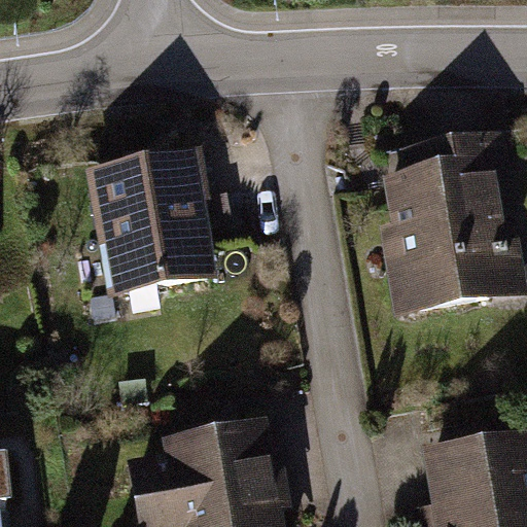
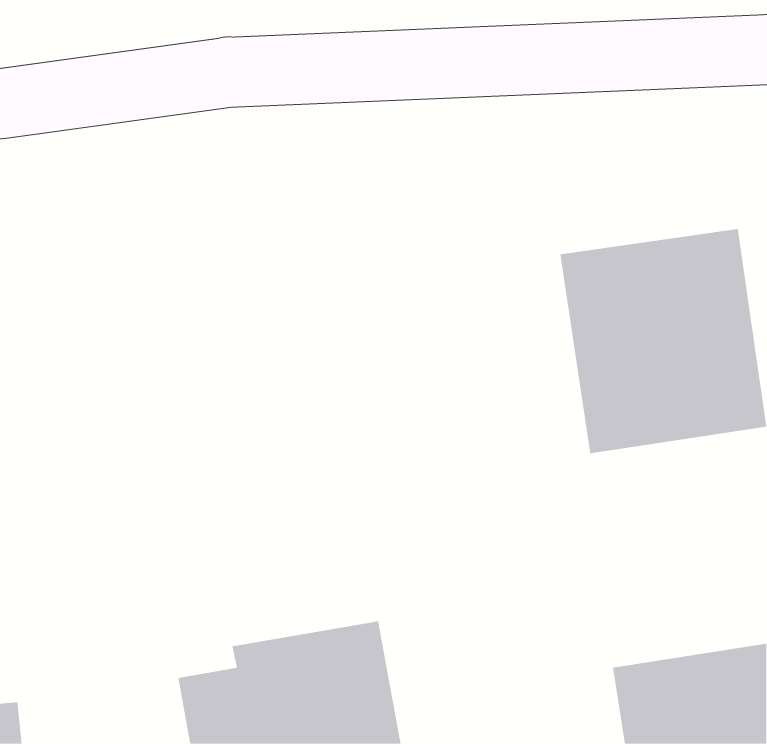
building: [87,148,219,293] -> none

